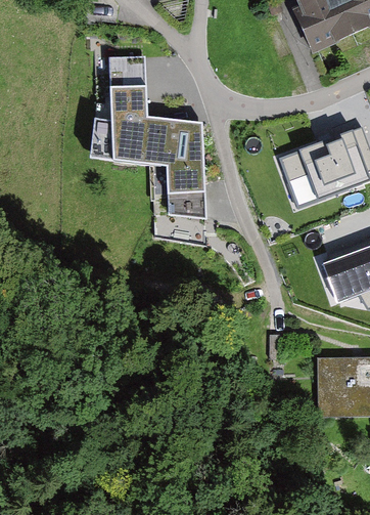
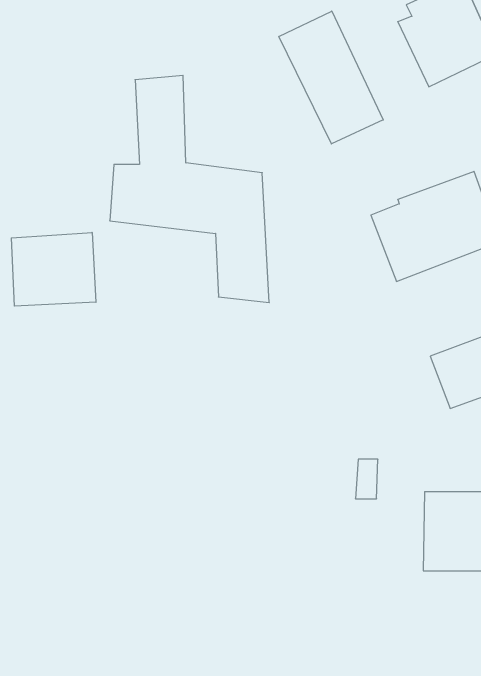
building: none -> [279,11,383,144]
building: none -> [11,232,96,306]

